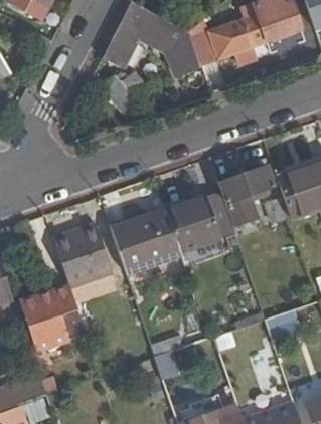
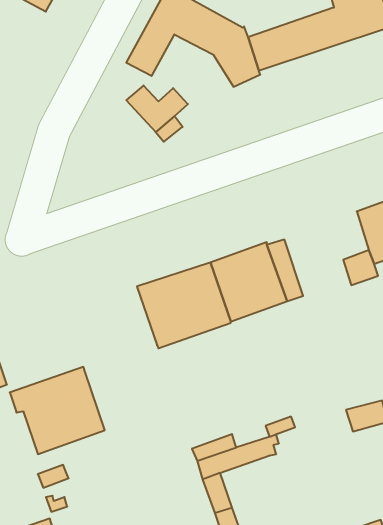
building: [209,153,274,228] -> none
building: [52,219,125,288] -> none

